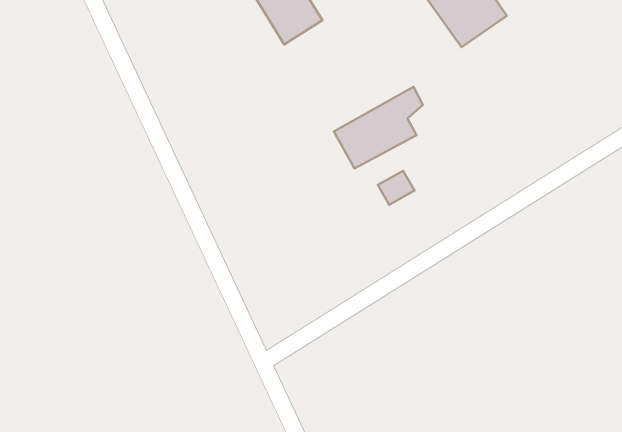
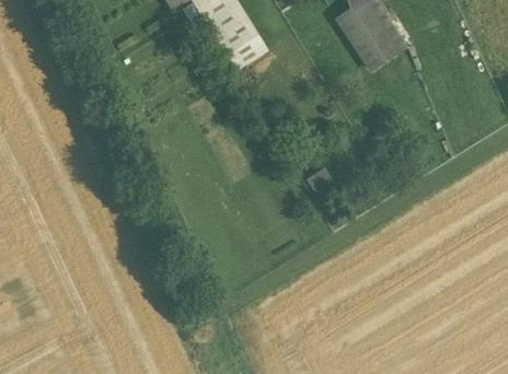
building: [334,87,423,168] -> none

